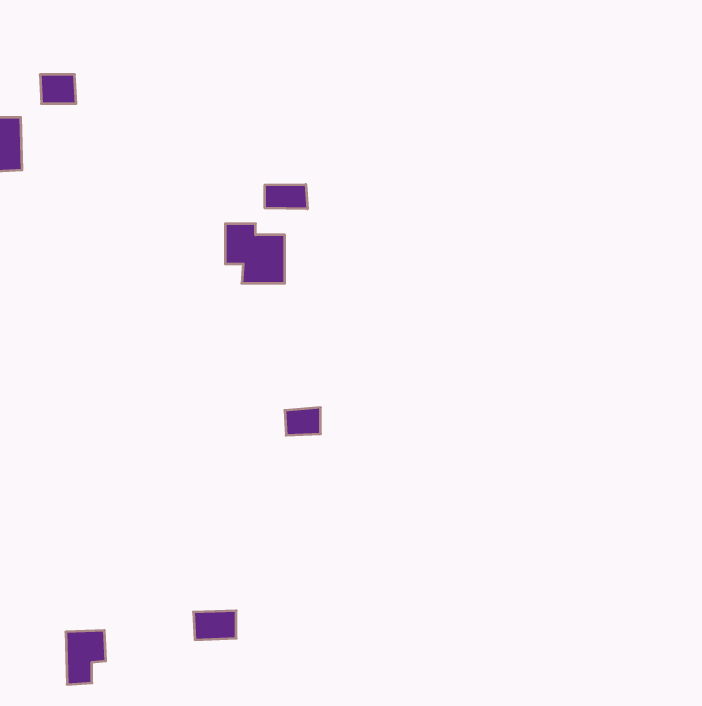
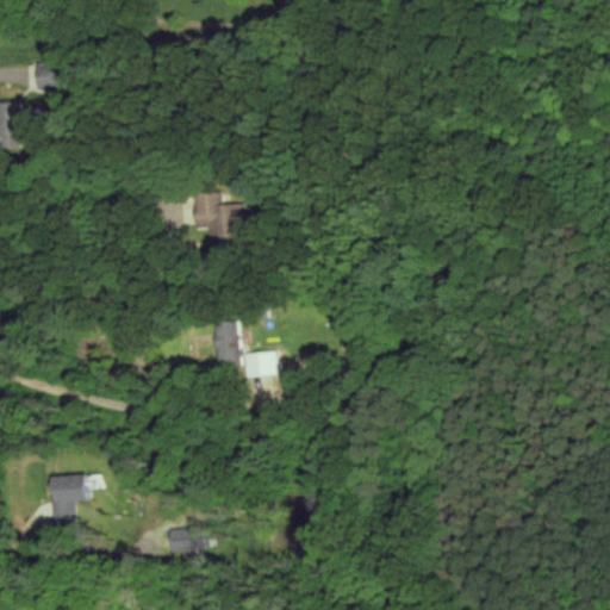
building: [265,184,307,209] -> none
building: none -> [214,320,238,366]
building: [66,630,106,684] -> [50,474,85,521]

